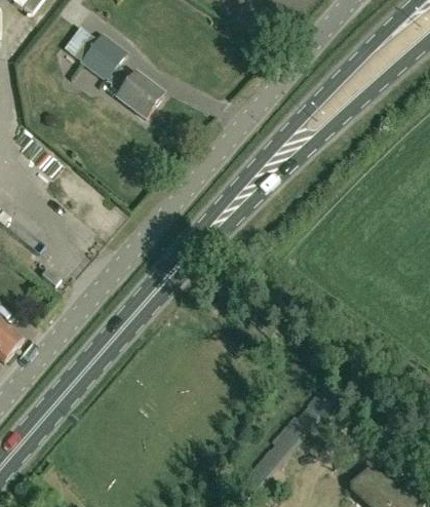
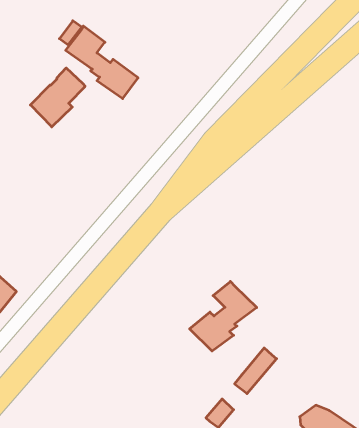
building: none -> [30,68,85,127]
building: none -> [190,281,257,351]

